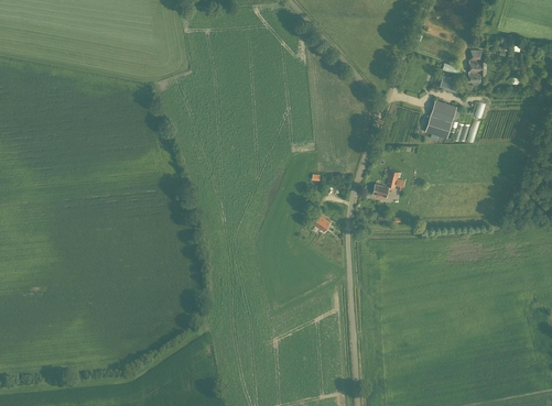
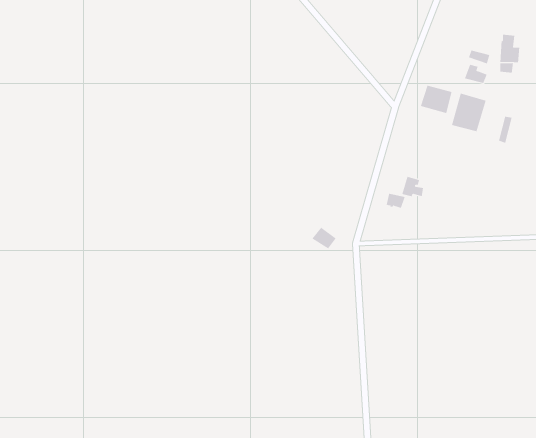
building: none -> [420,85,452,114]

